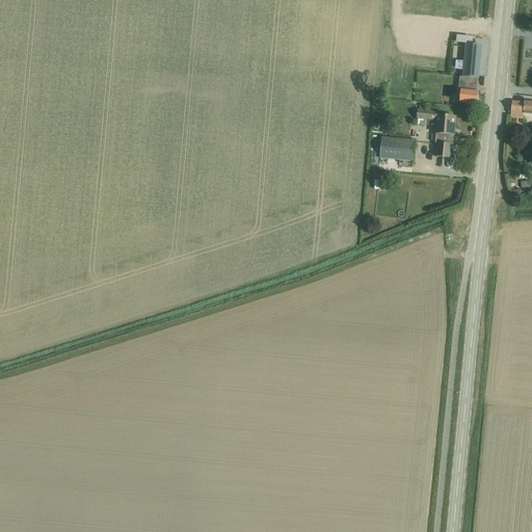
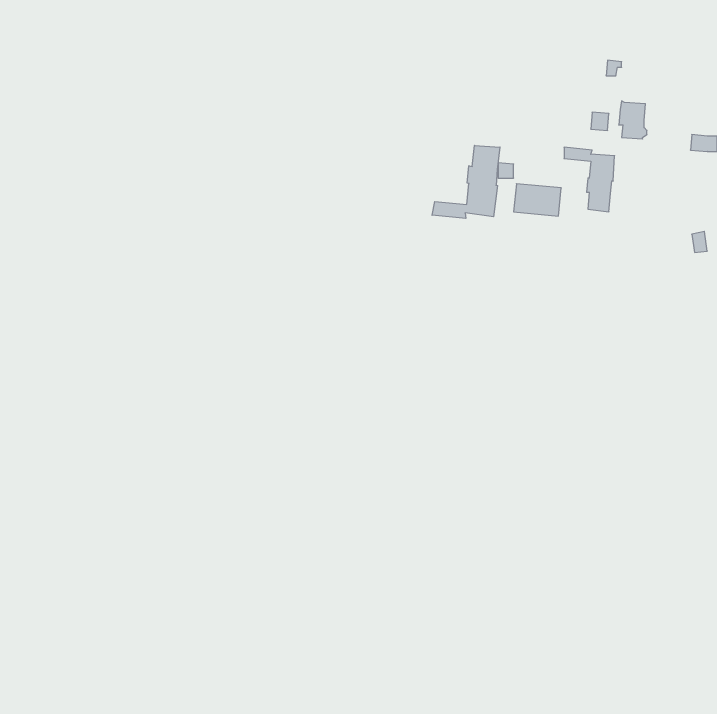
building: [462,43,482,77] -> none
building: none -> [432,145,500,218]

